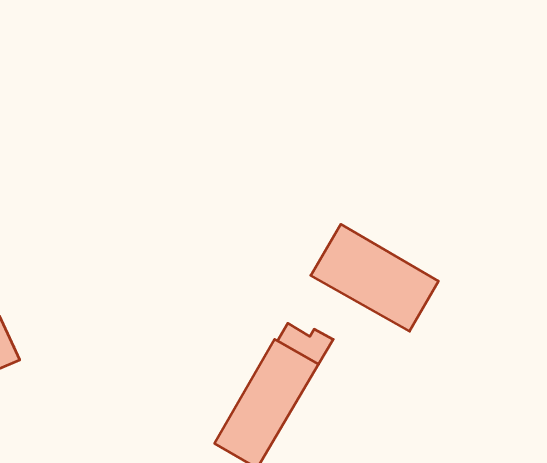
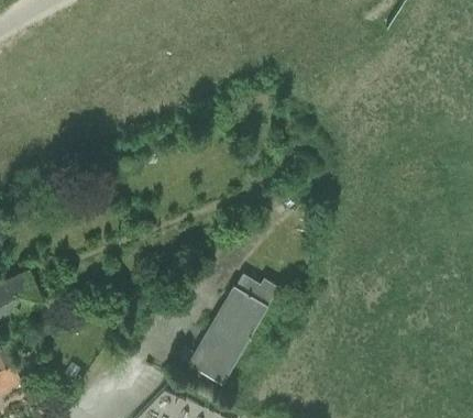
building: [311,224,438,331] -> none

